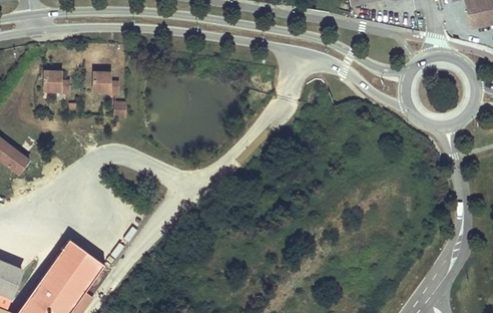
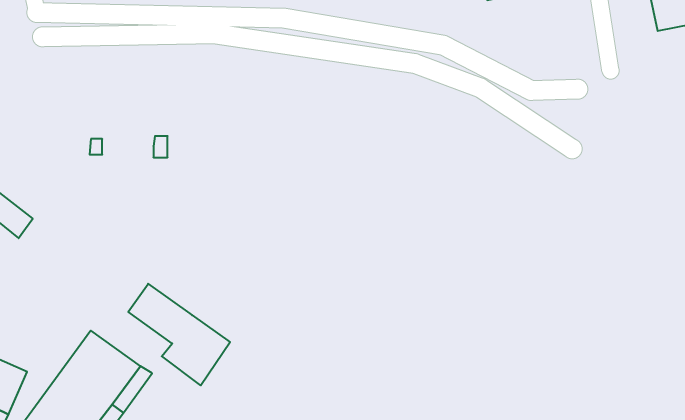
building: [44,69,69,93] -> none
building: [92,71,118,94] -> none
building: none -> [128,284,230,385]

